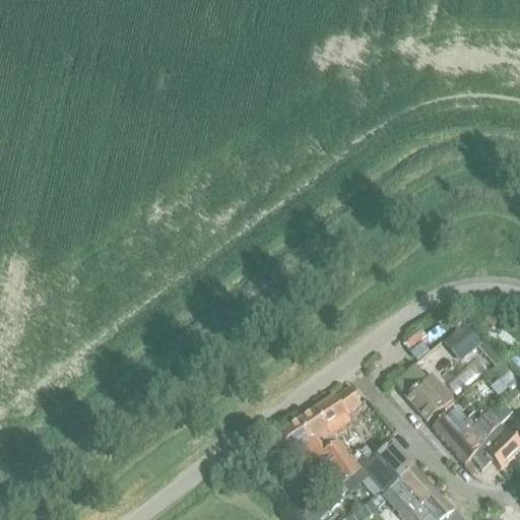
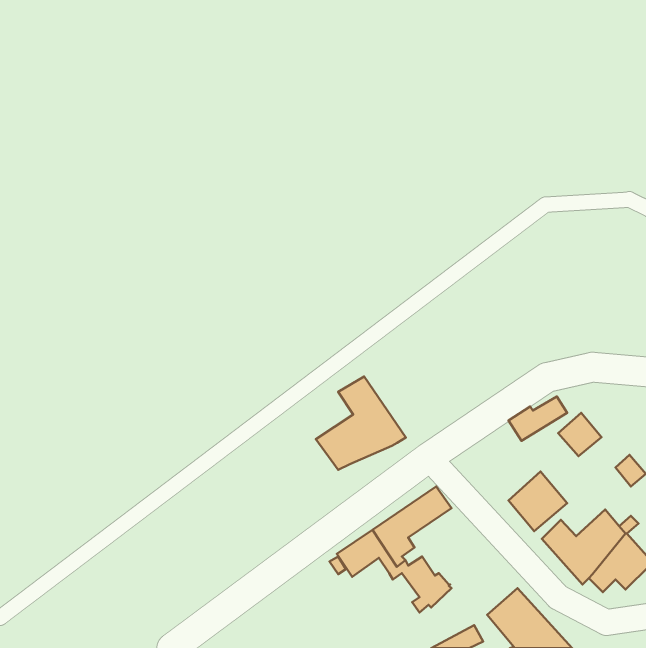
building: none -> [316,376,406,470]
building: [347,441,416,494] -> none

